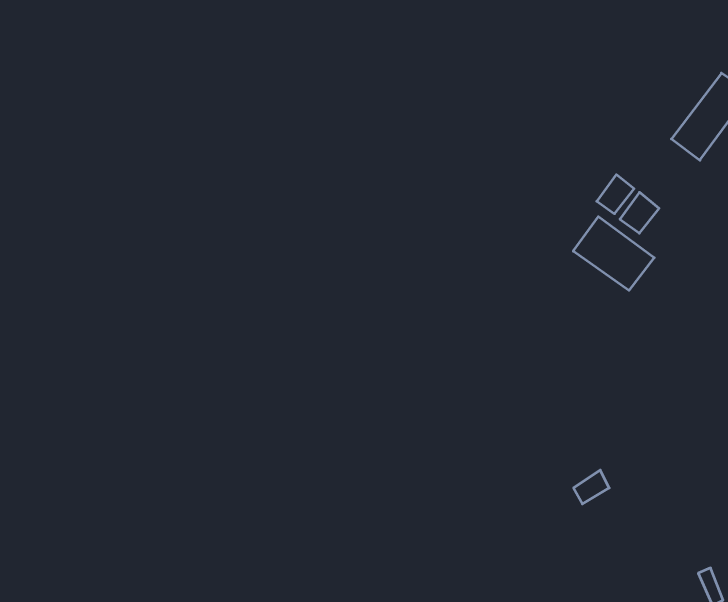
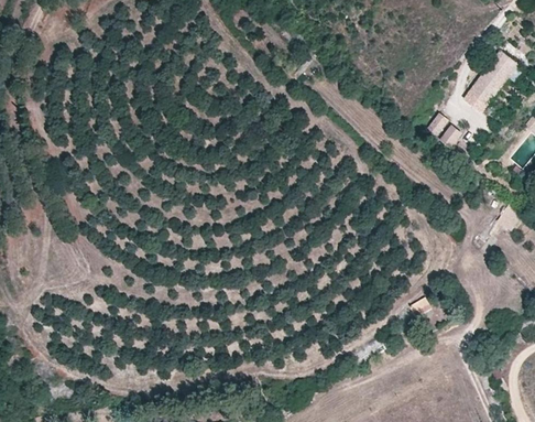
building: [573,217,654,290] -> none

